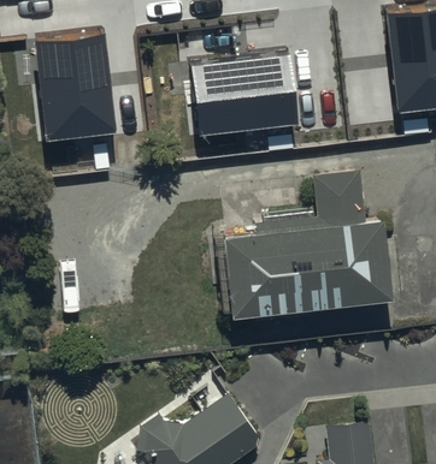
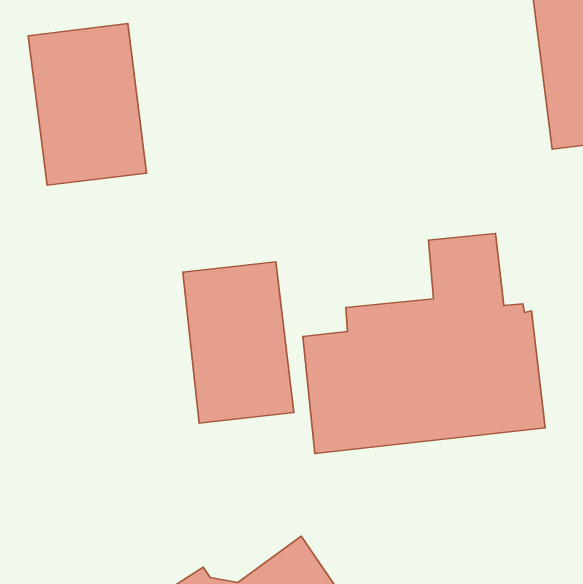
building: [193,54,296,135] -> none
building: none -> [183,262,294,423]

